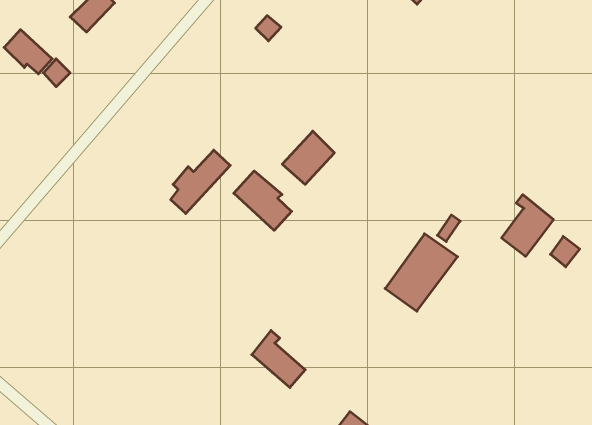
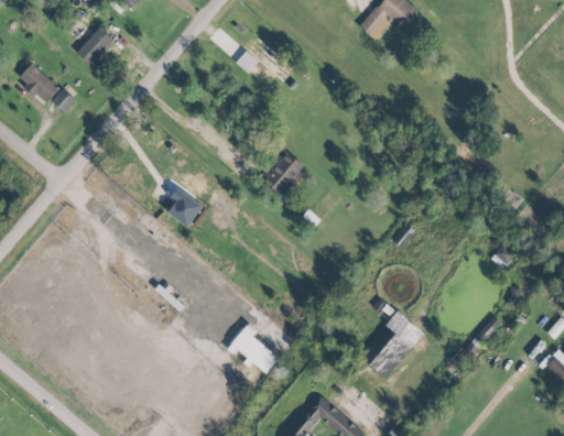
building: [234,171,292,230] -> none
building: [502,195,553,256] -> none
building: [385,234,458,311] -> [361,312,424,379]

